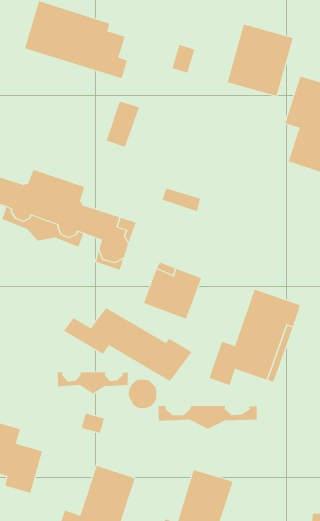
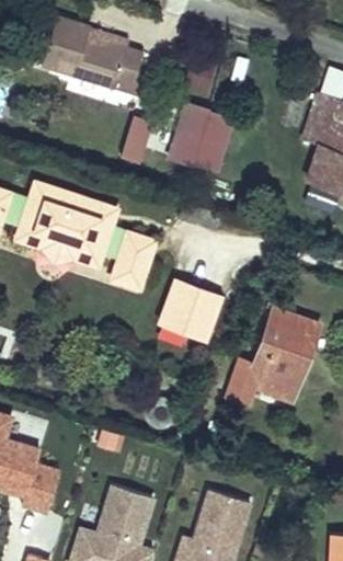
building: [227,24,293,97] -> [165,105,232,179]
building: [63,307,192,382] -> none
building: [57,372,128,395] -> none
building: [158,405,257,430] -> none

